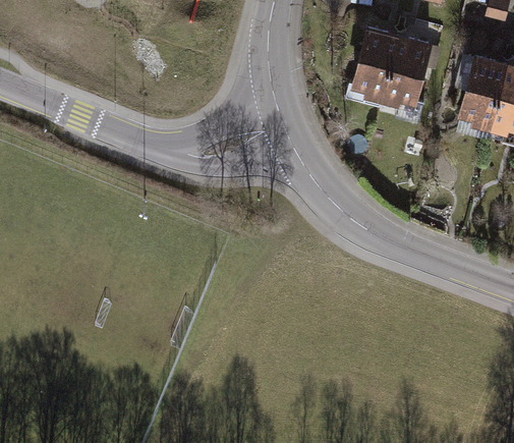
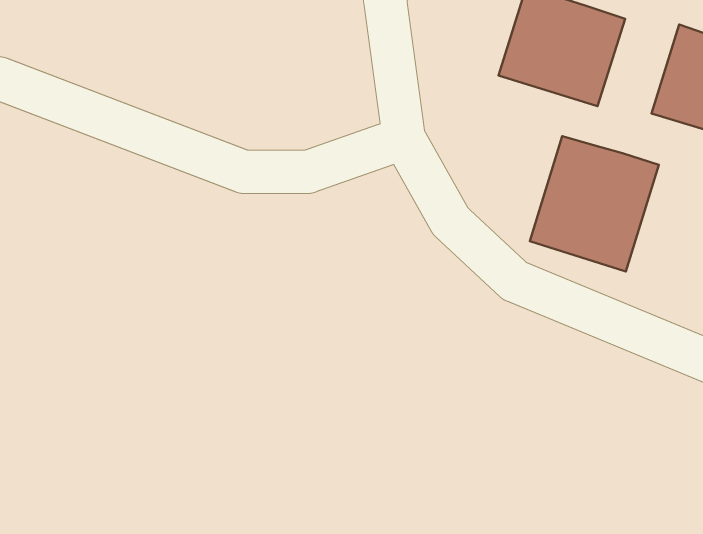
building: none -> [530,136,659,271]

